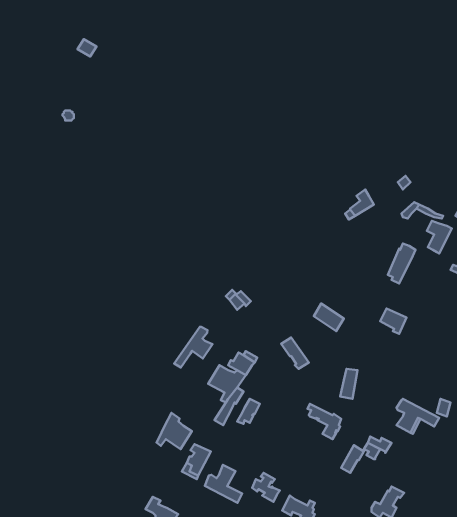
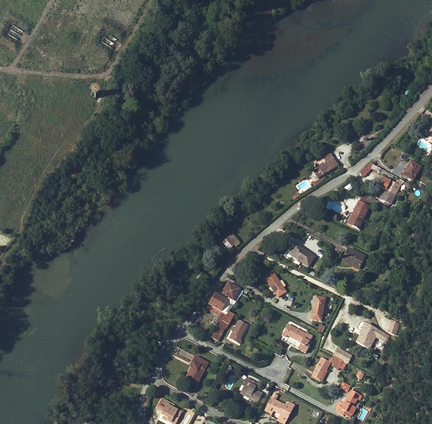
building: [174,327,212,368] -> none
building: [156,413,192,449] -> none
building: [205,465,242,503] -> none

